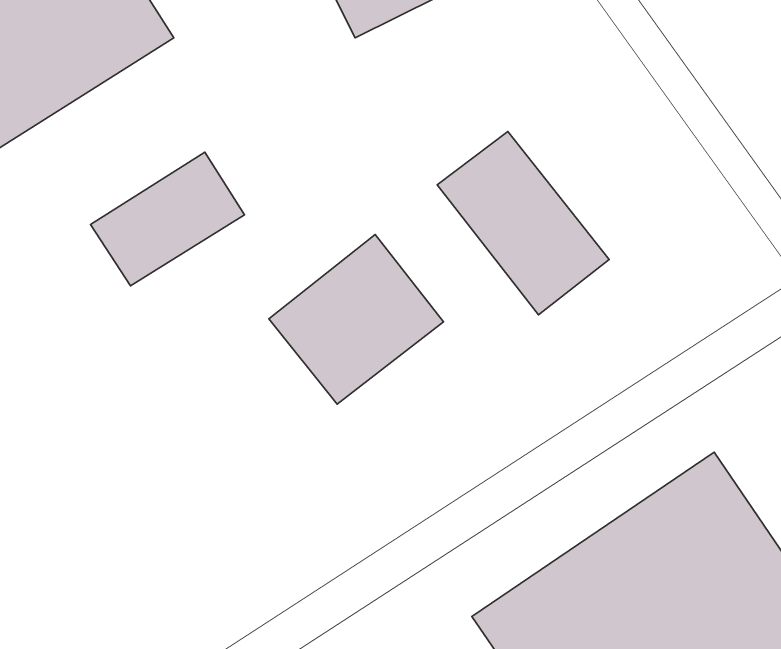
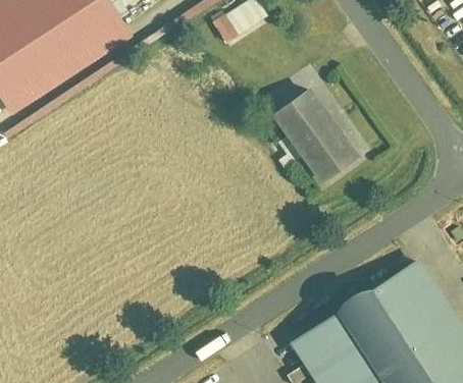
building: [90,152,244,286] -> none
building: [269,235,444,404] -> none

